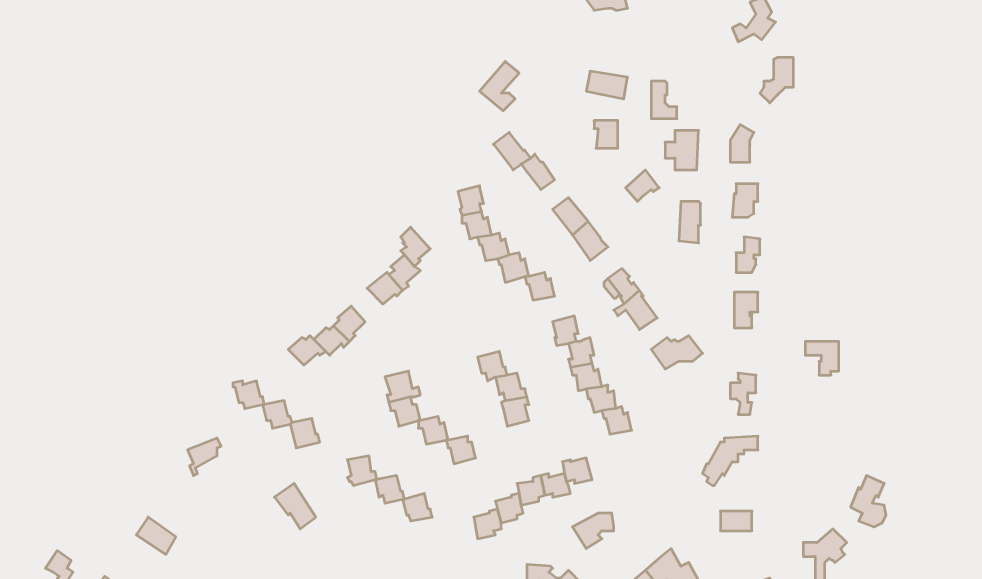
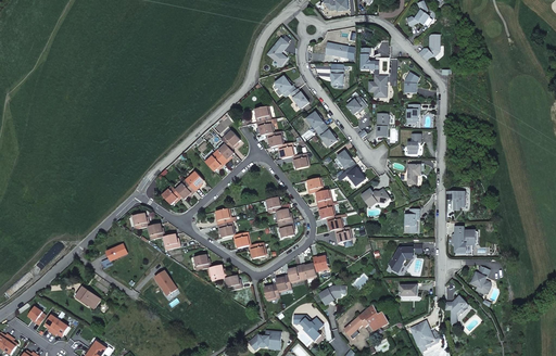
building: none -> [452,227,475,252]

